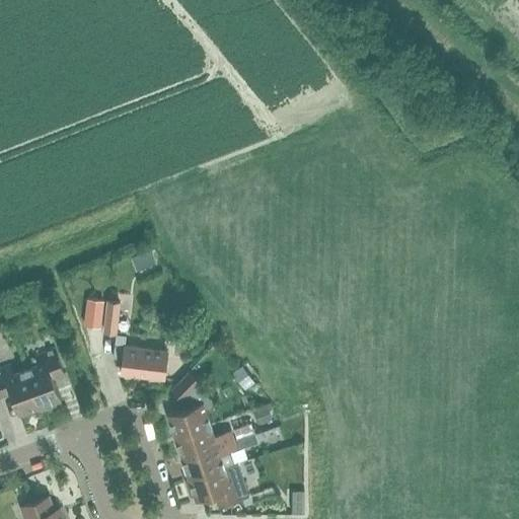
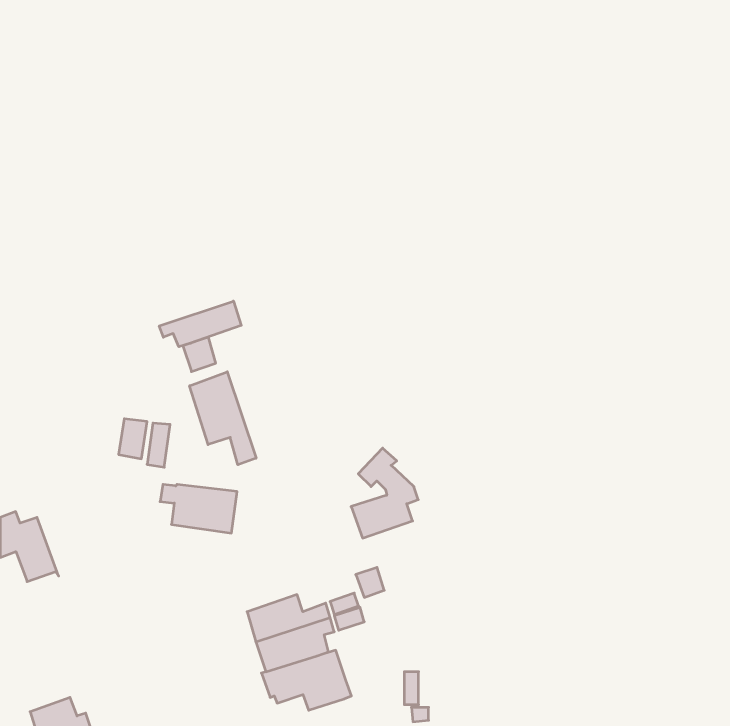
building: none -> [159,301,241,347]
building: none -> [190,372,256,465]
building: [26,350,65,412] -> none
building: [167,373,215,437] -> [351,448,418,538]

